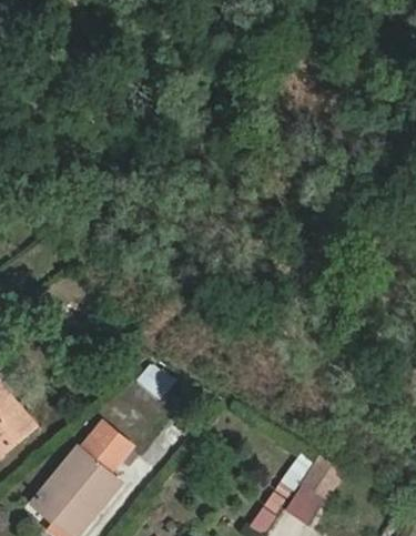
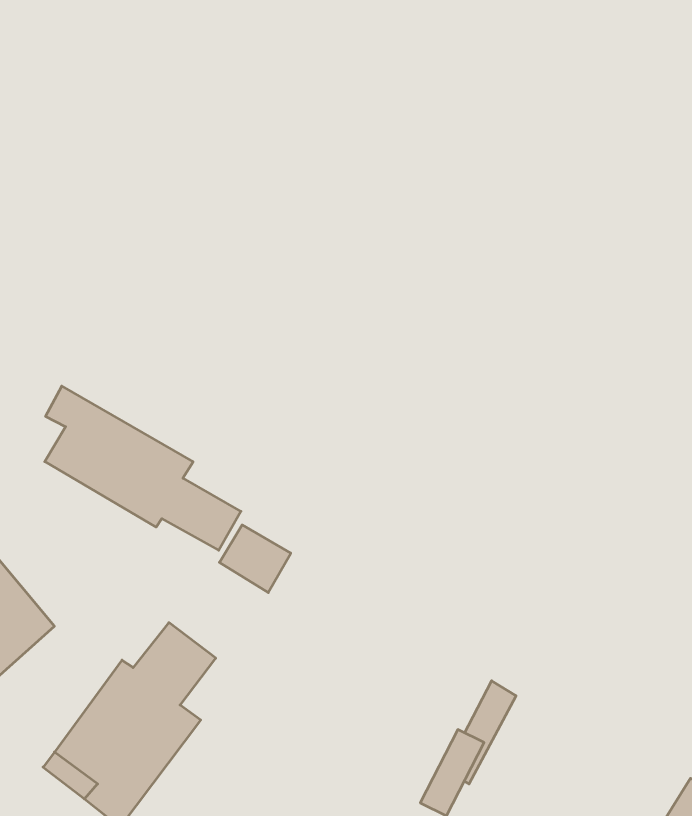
building: none -> [45,386,241,550]
building: [286,456,346,528] -> none

